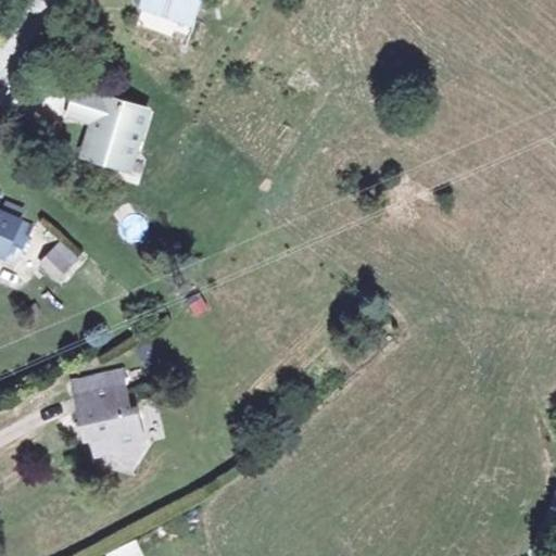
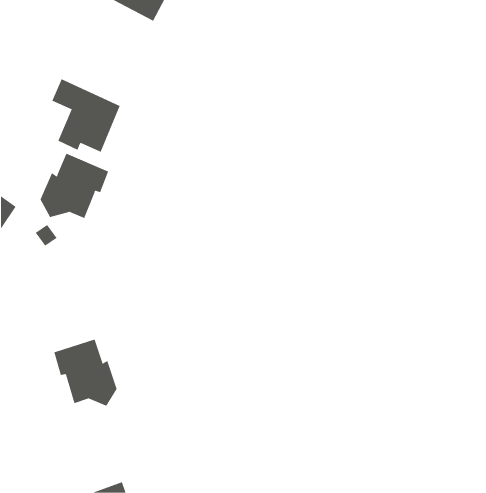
building: none -> [40,153,109,219]

